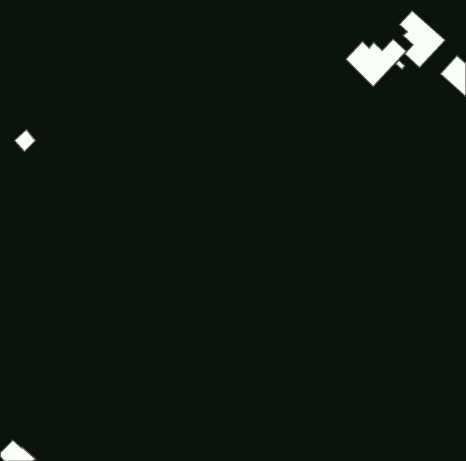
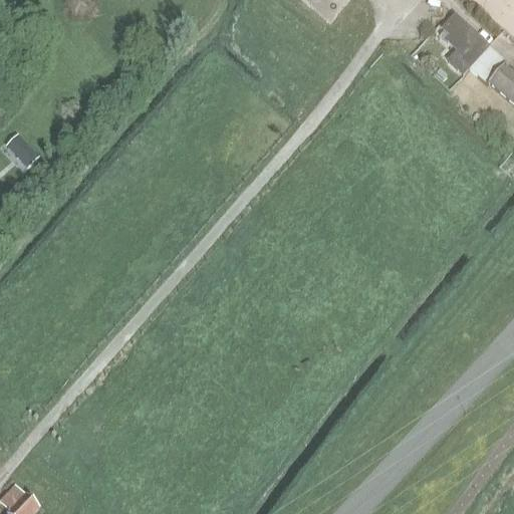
building: [346,39,406,86] -> none

